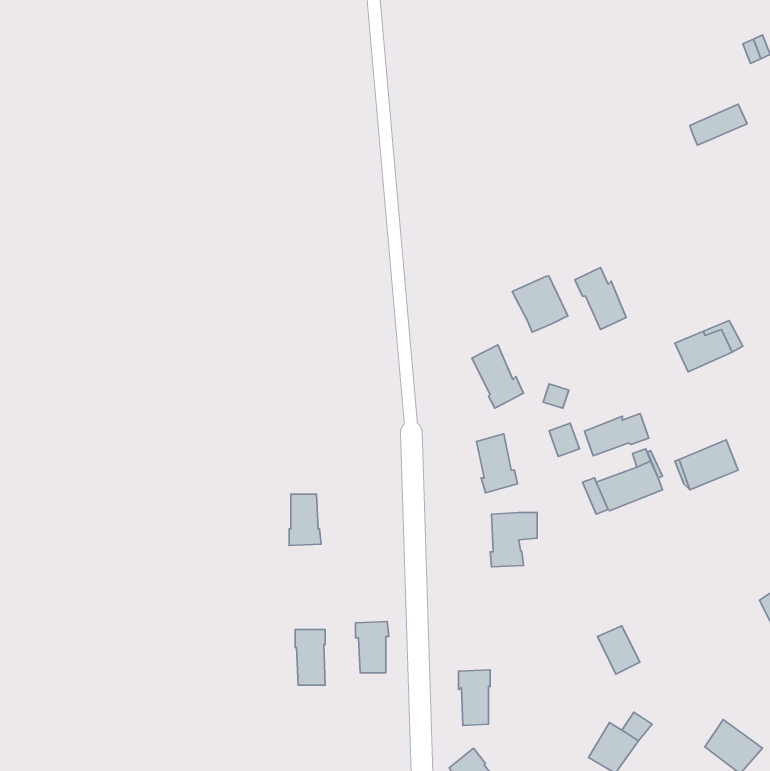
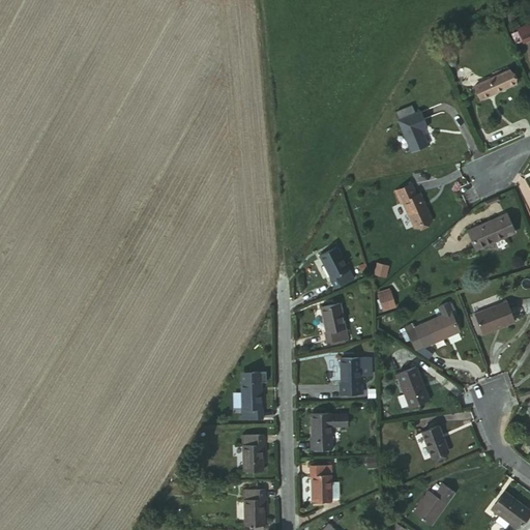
building: none -> [395,110,424,151]
building: [512,276,568,332] -> none
building: [585,414,649,456] -> none
building: [289,494,321,546] -> [246,375,268,410]
building: none -> [394,374,422,413]
building: none -> [316,406,338,445]
building: [295,629,325,685] -> [248,485,269,524]

